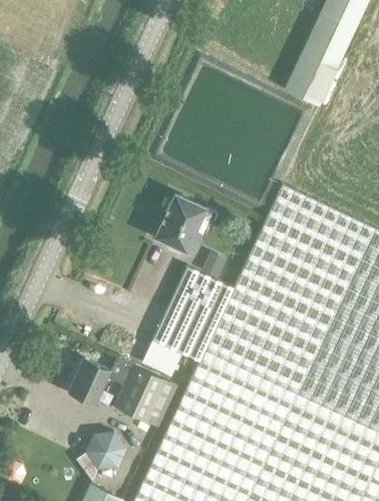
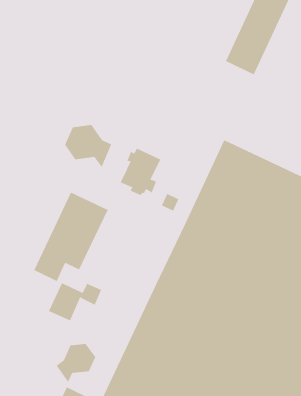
building: none -> [64,124,112,168]
building: [143,266,235,375] -> [33,192,108,282]
building: [116,367,179,429] -> none

